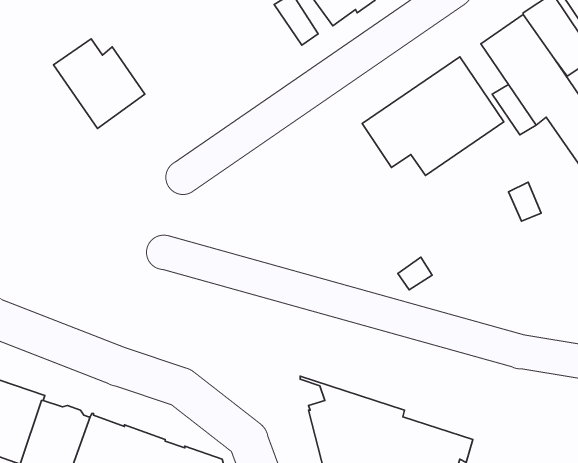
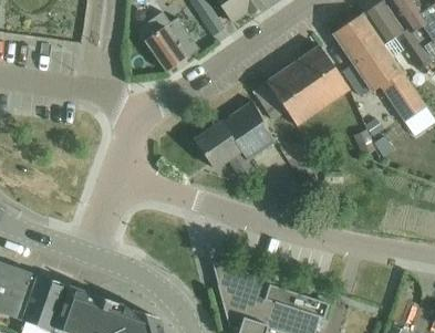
building: [54,39,145,128] -> [137,12,199,73]
building: none -> [195,101,275,179]

